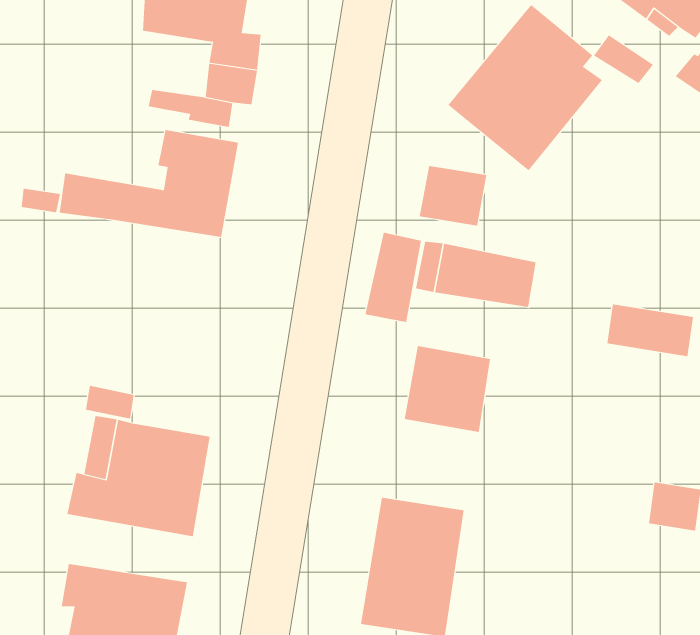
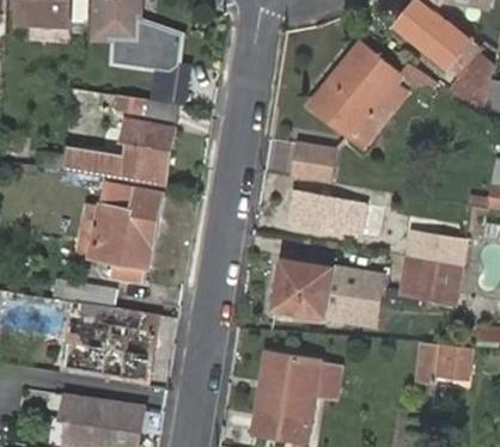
building: [365,232,421,323] -> none
building: none -> [85,191,160,270]
building: none -> [400,257,458,305]
building: none -> [330,265,386,327]

